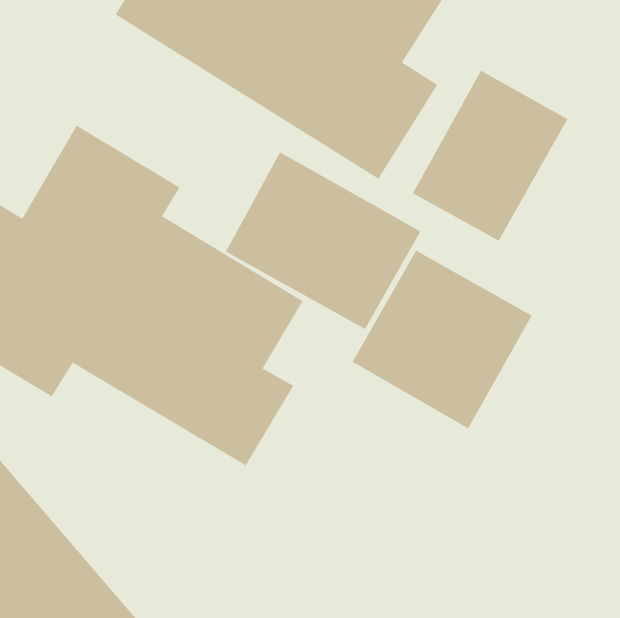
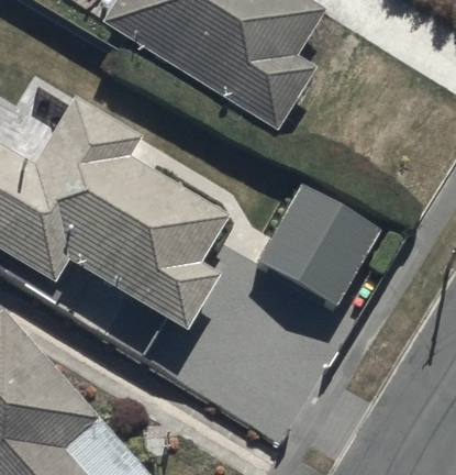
building: [412,70,568,241] -> none
building: [225,151,421,330] -> none

